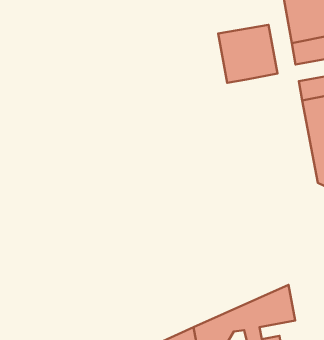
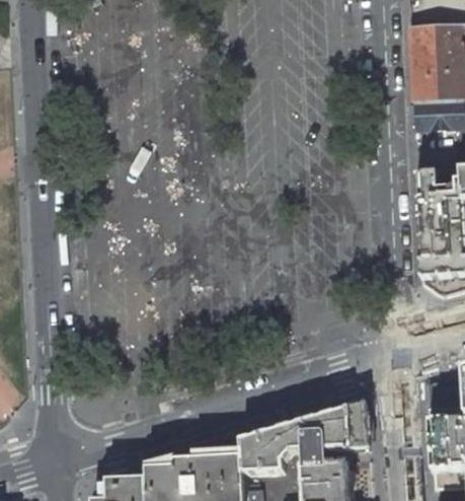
building: [218,25,278,83] -> none

